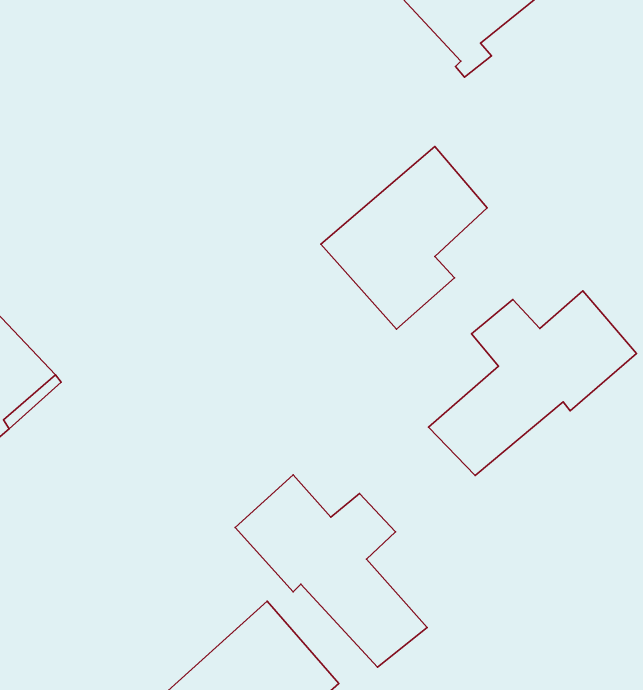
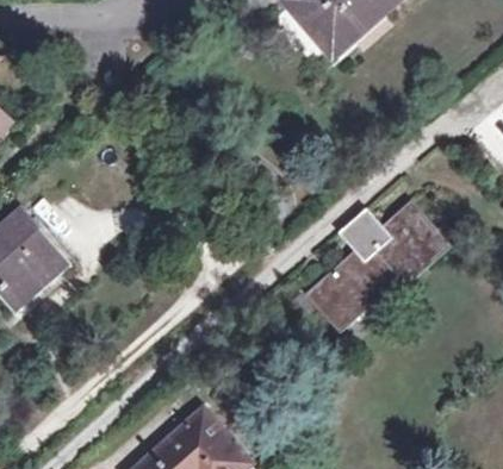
building: [321,147,487,329] -> none
building: [235,475,427,667] -> none

